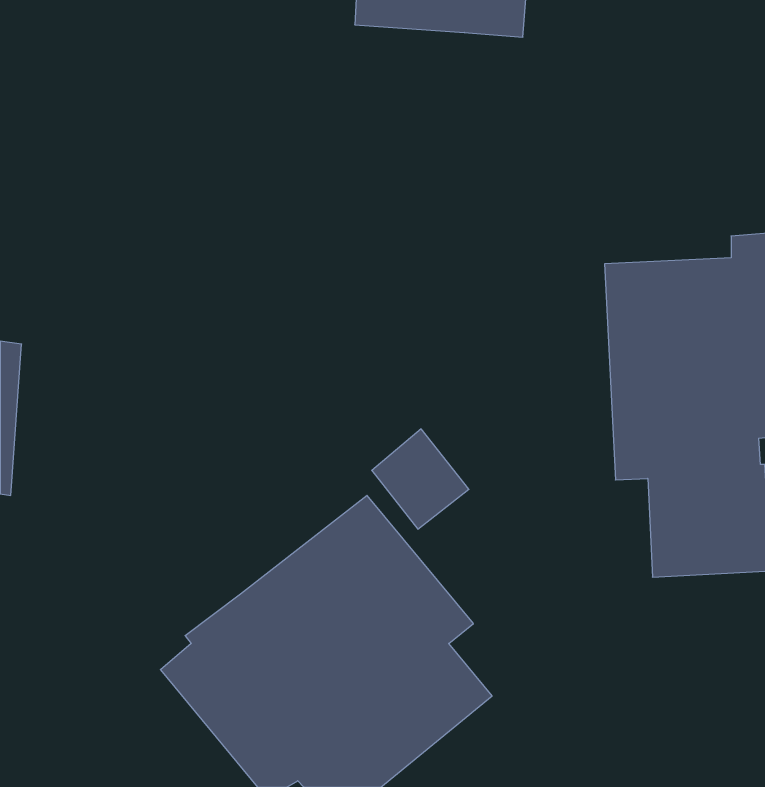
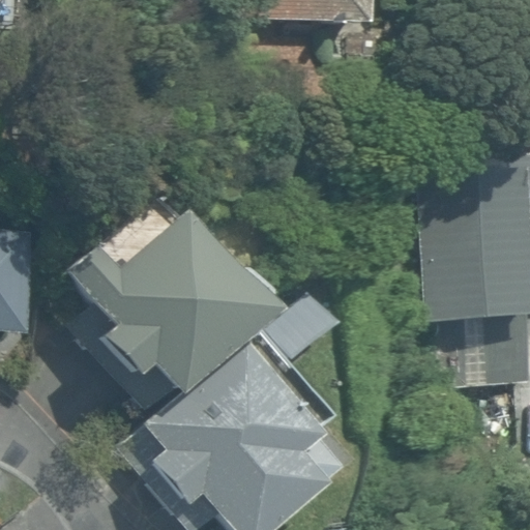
building: none -> [64,195,266,399]

